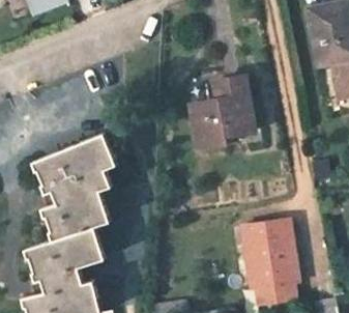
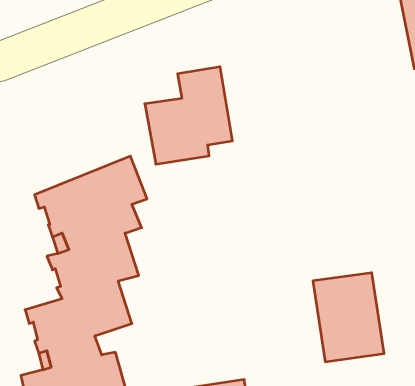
building: [188,77,255,150] -> [145,67,232,164]

